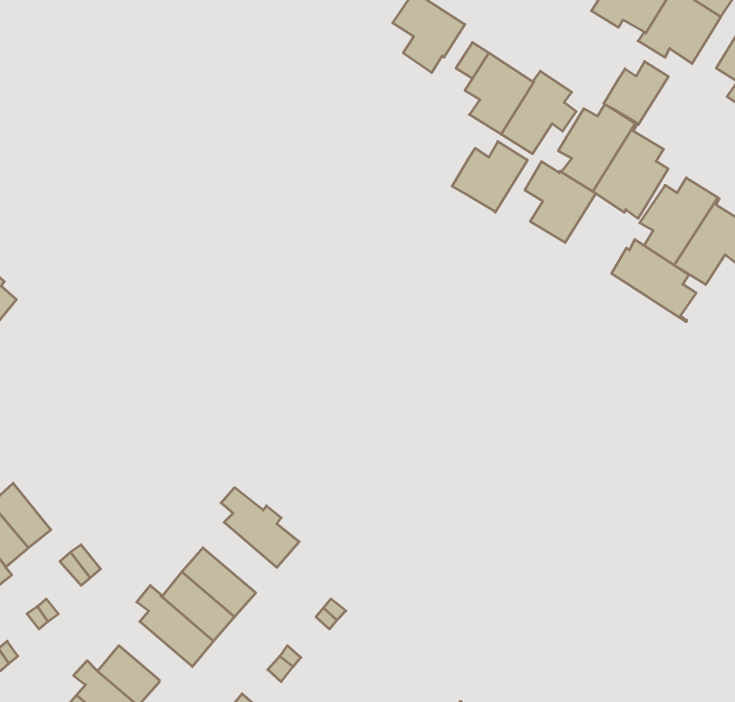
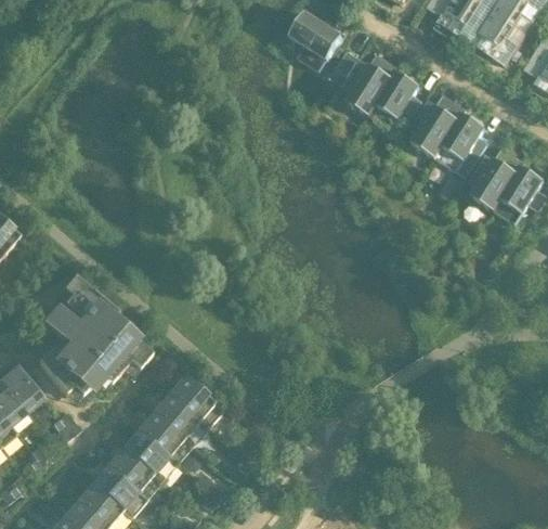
building: [604,61,668,125] -> none
building: [452,141,527,212] -> none
building: [525,162,596,243] -> none
building: [612,239,696,322] -> none
building: none -> [37,274,151,392]
building: none -> [153,393,206,444]
building: none -> [92,465,145,516]

